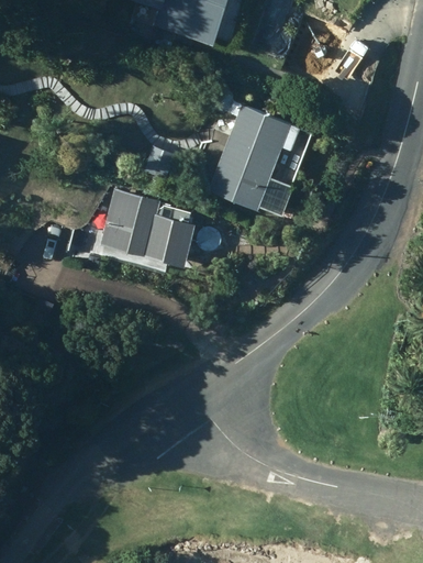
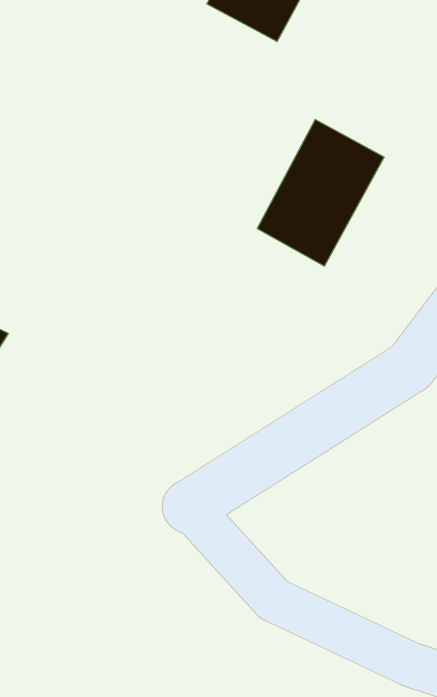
building: [121,198,194,269] -> none

